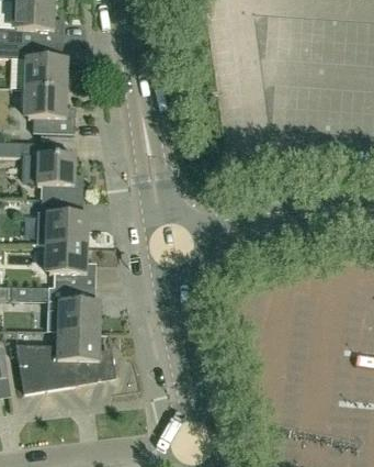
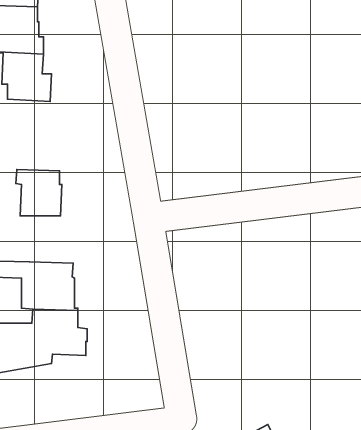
building: [36,154,83,200] -> none
building: [48,243,95,288] -> none

